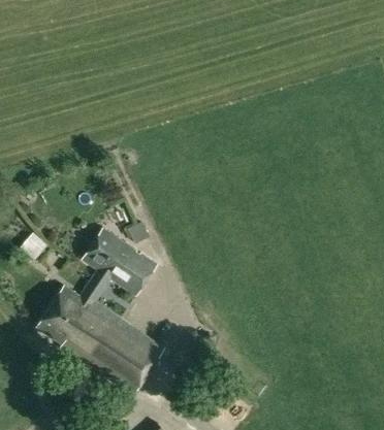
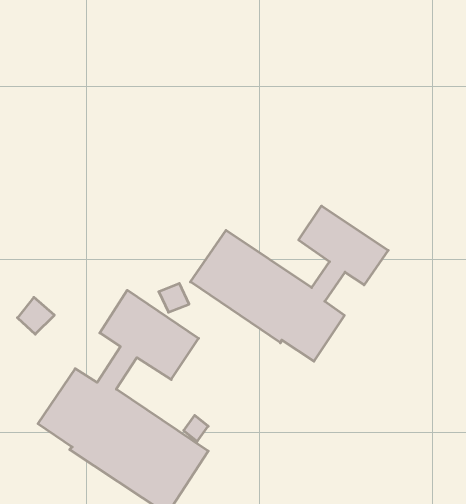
building: none -> [190,206,388,361]

